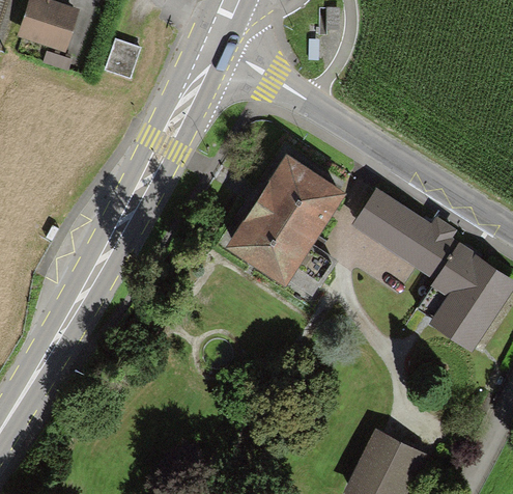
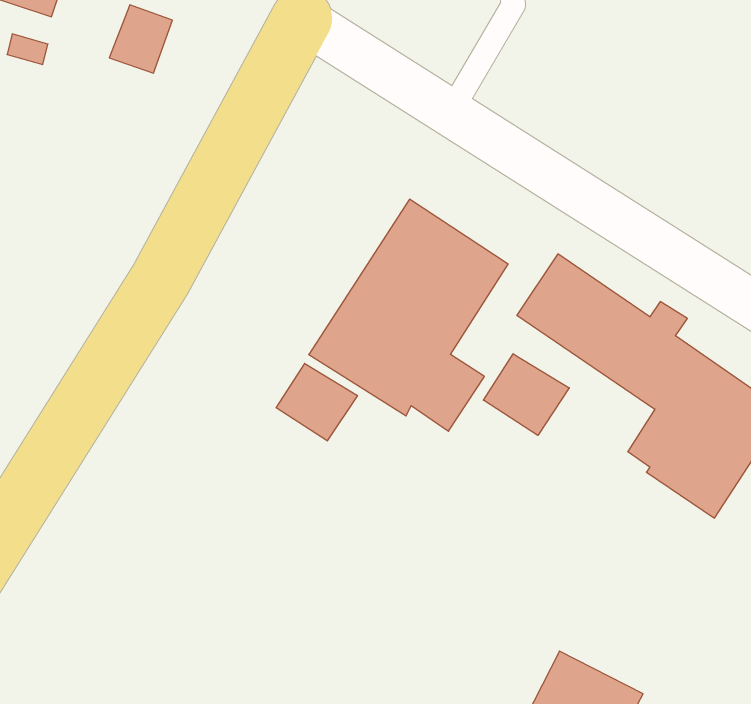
building: none -> [483,354,569,435]
building: none -> [276,363,357,441]

